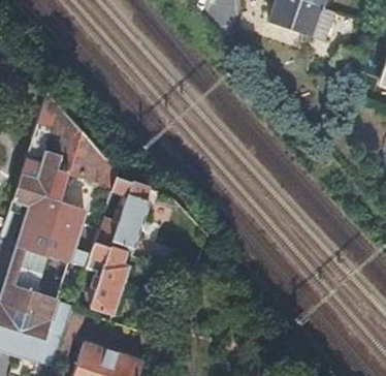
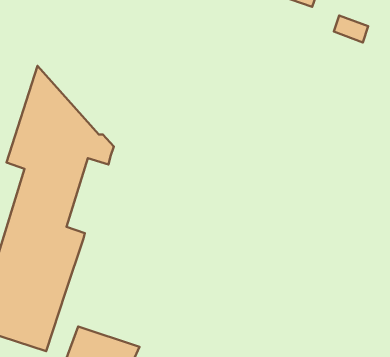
building: [111,179,149,249] -> none
building: [90,245,127,314] -> none

